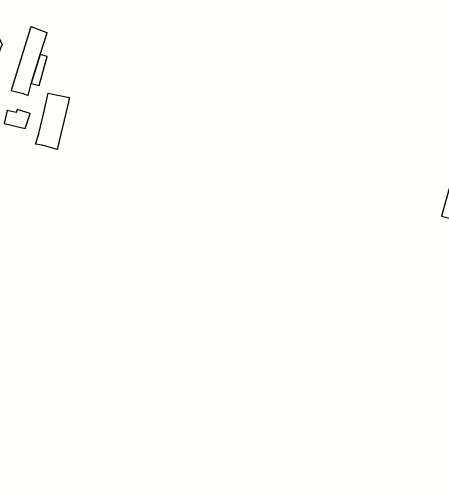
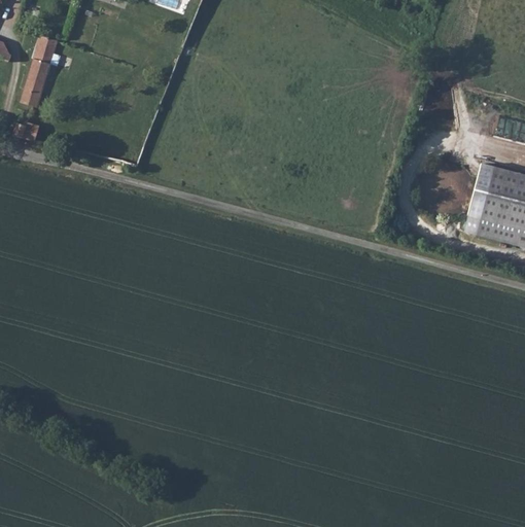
building: [36,93,69,149] -> none

